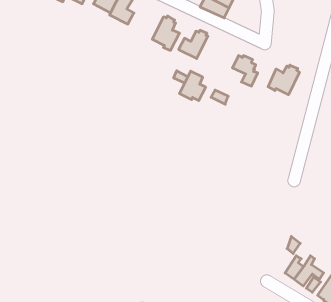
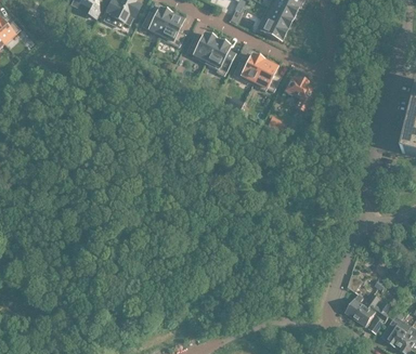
building: none -> [186,31,217,62]
building: [268,65,299,95] -> none
building: [179,71,206,101] -> [252,58,281,90]

